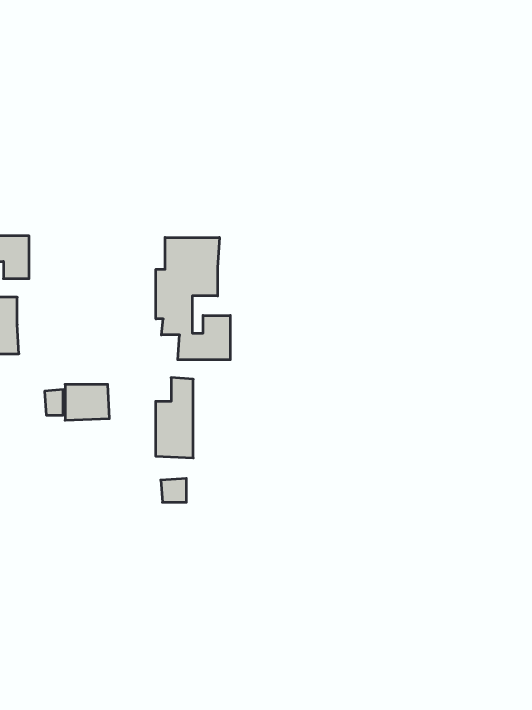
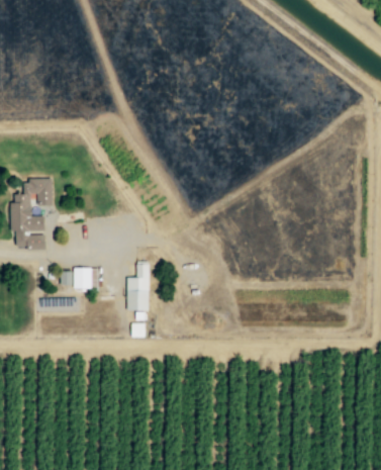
building: [156,237,230,360] -> none

